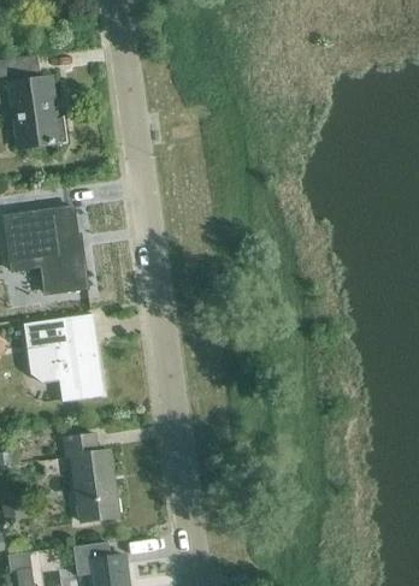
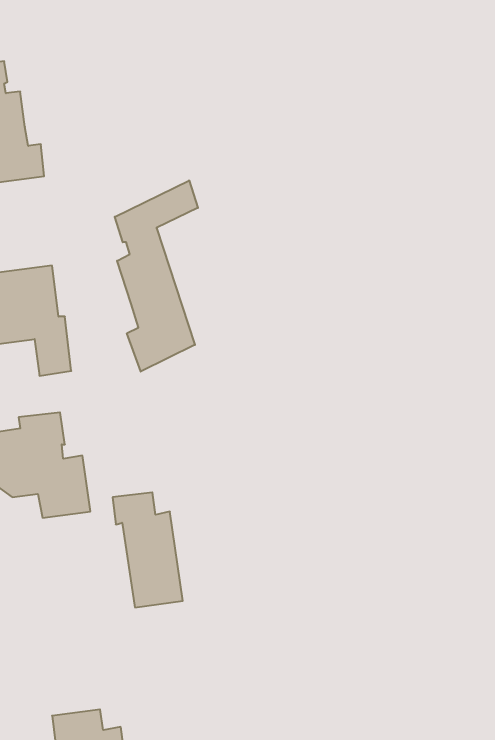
building: none -> [115,180,198,372]
building: [65,434,118,521] -> [113,492,183,607]

